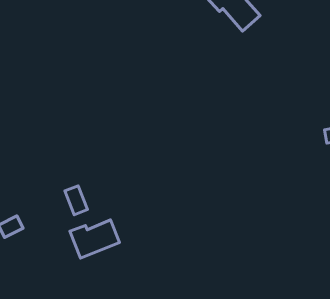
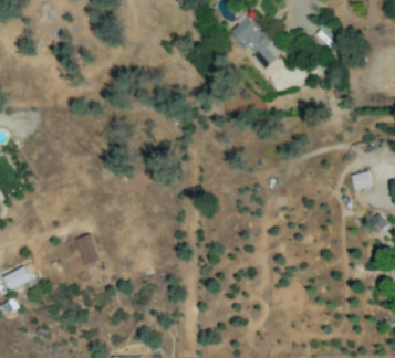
building: [70,220,120,258] -> none

